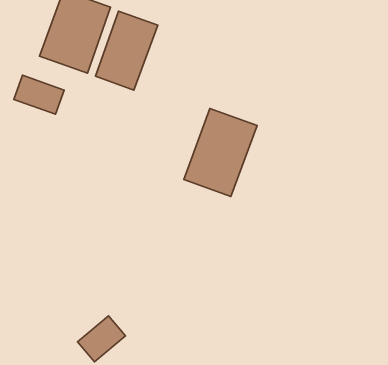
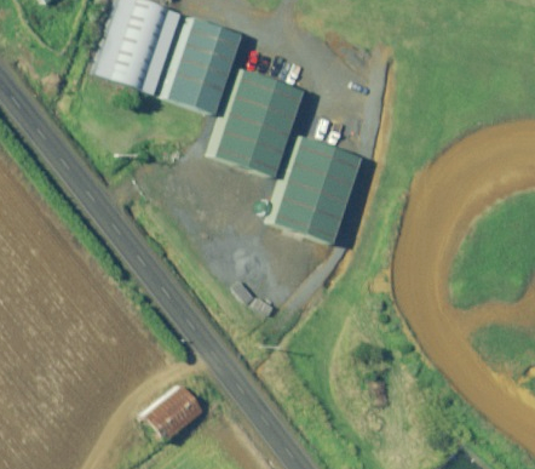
building: none -> [214,69,303,176]
building: [14,75,64,114] -> none

